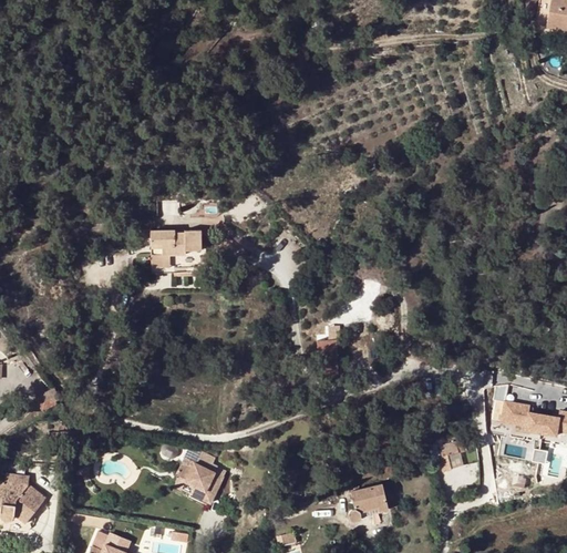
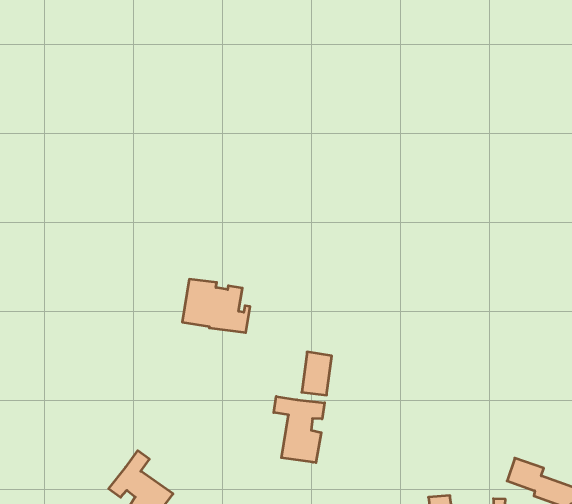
building: [152,229,206,268] -> [182,279,250,333]
building: none -> [274,396,325,463]

